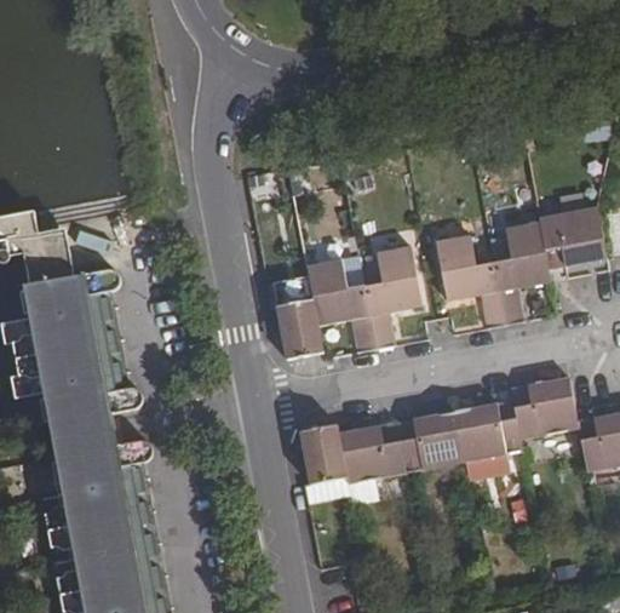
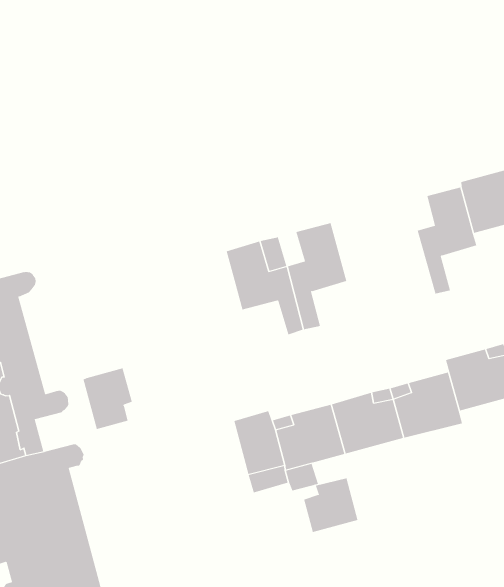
building: [434,234,504,327] -> none
building: [275,298,322,359] -> none
building: none -> [83,367,132,430]
building: none -> [303,477,358,533]

